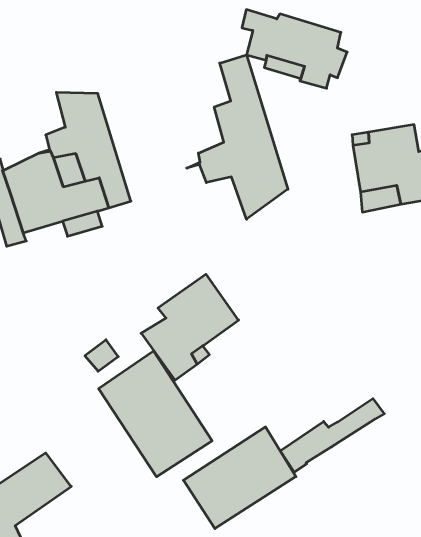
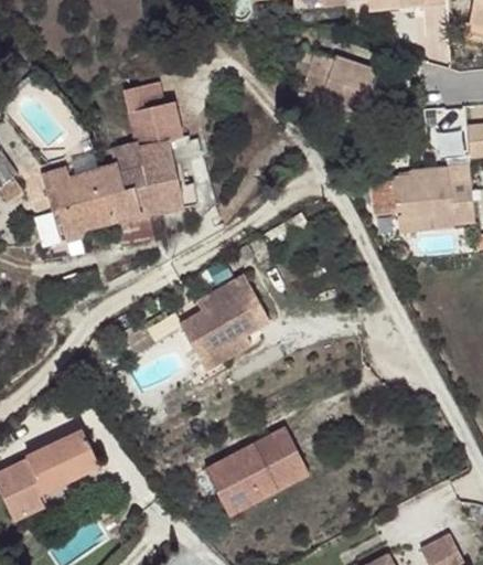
building: [187,55,288,219] -> none
building: [99,351,212,477] -> none
building: [280,399,384,472] -> none

